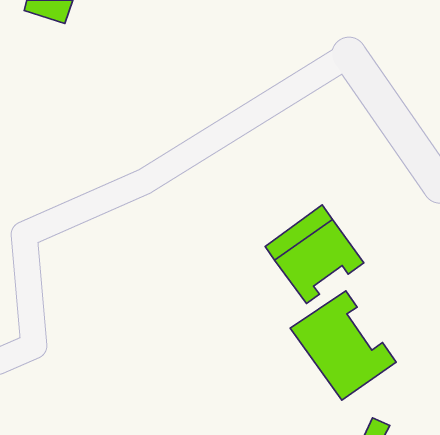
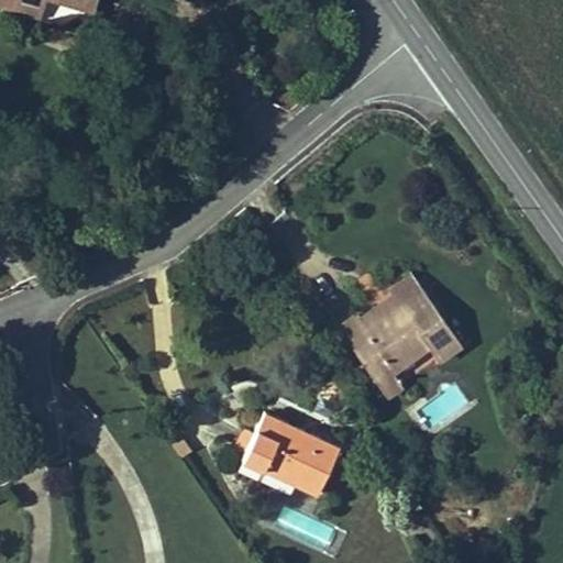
building: [290,291,396,400] -> none
building: none -> [243,417,341,500]

